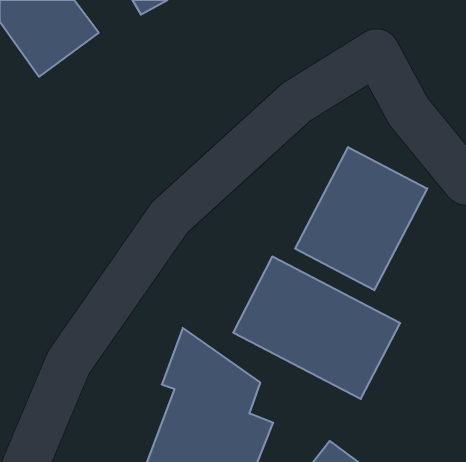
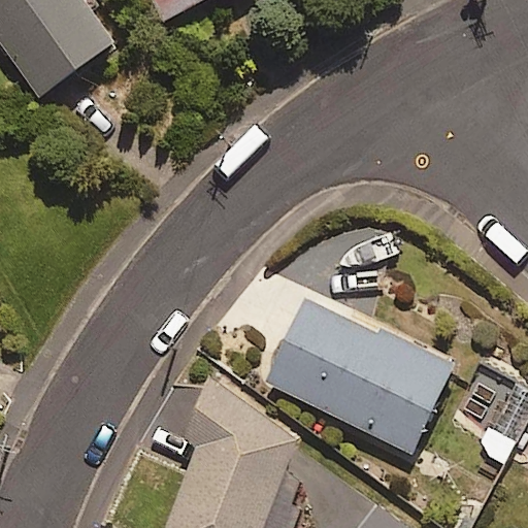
building: [295,147,427,290] -> none

